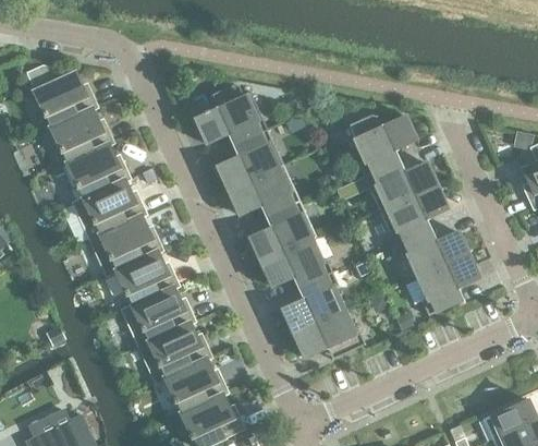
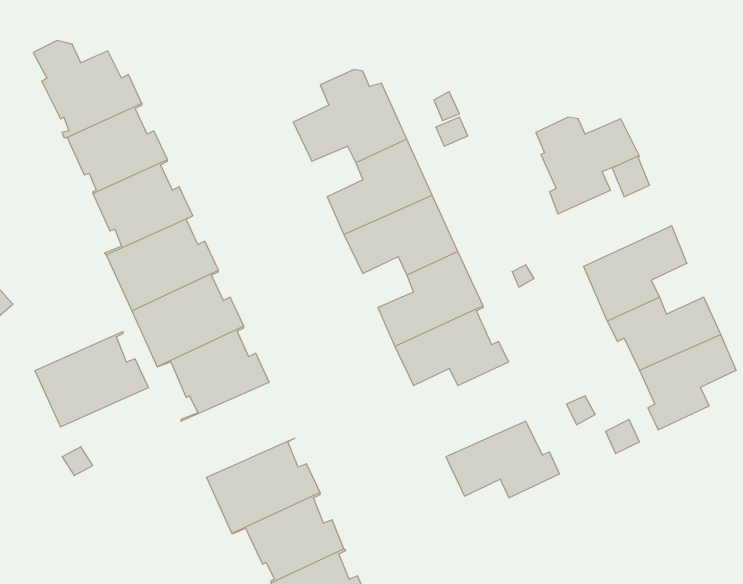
building: [365,162,438,212] -> none
building: [282,273,344,334] -> none
building: [123,286,196,347] -> [35,332,149,427]

